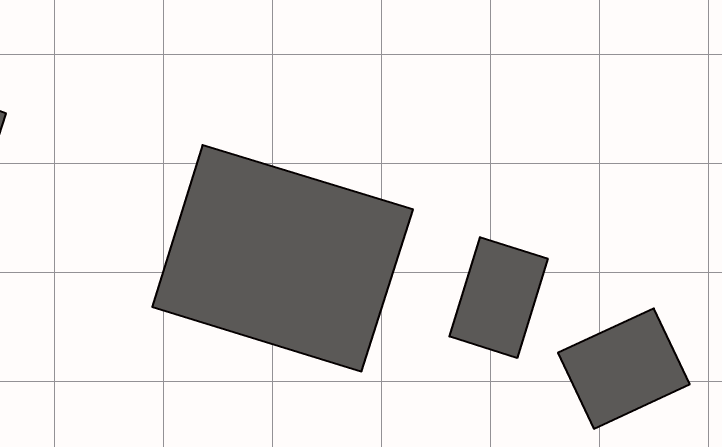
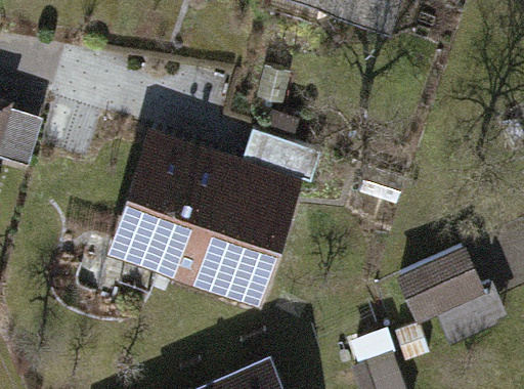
building: [449,237,548,358] -> none

